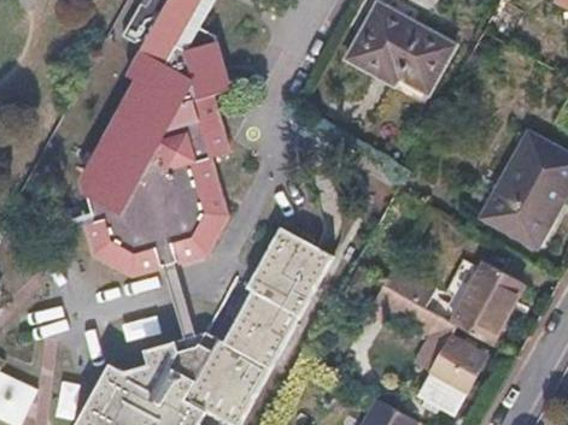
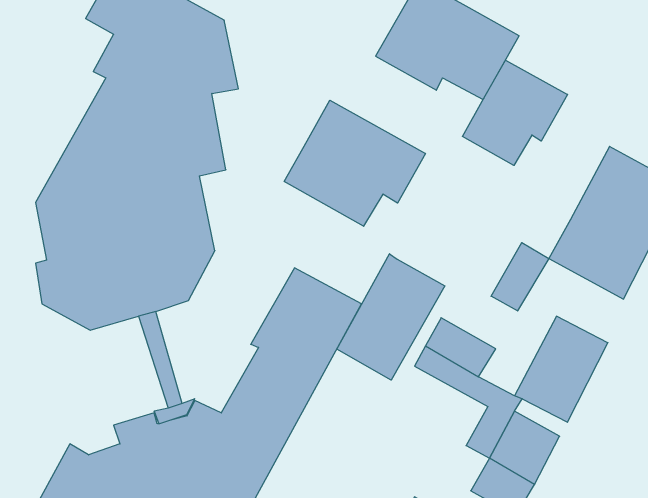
building: none -> [462,60,568,165]
building: none -> [284,100,425,226]
building: none -> [491,243,549,311]
building: none -> [337,254,445,380]

